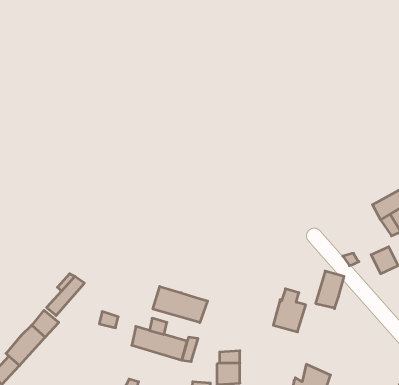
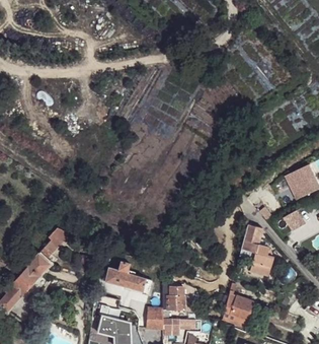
building: [153,286,208,323] -> none
building: [273,289,306,332] -> [249,245,273,277]

